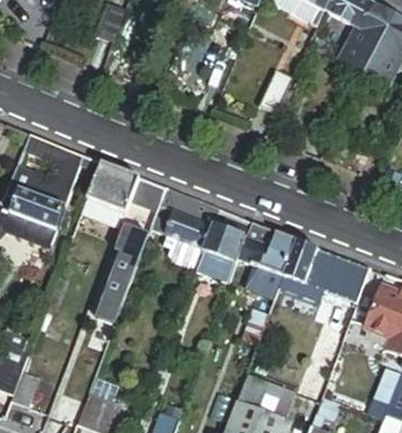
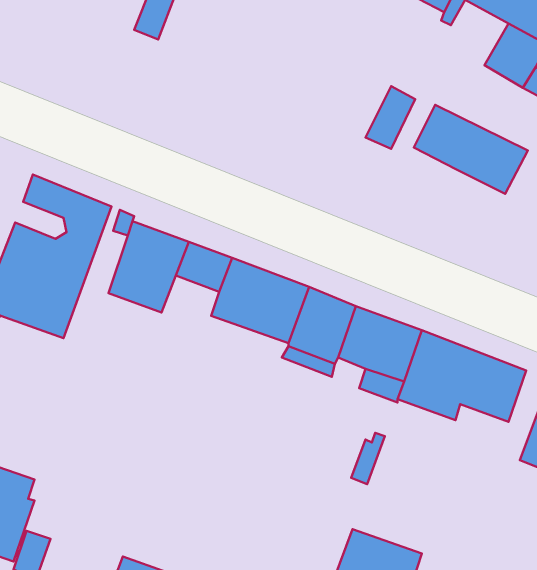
building: none -> [414,105,528,194]
building: [102,228,147,311] -> none

